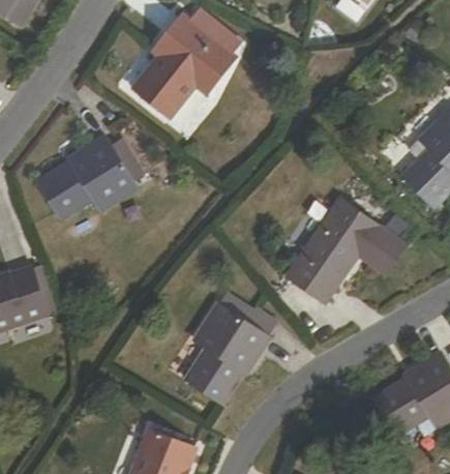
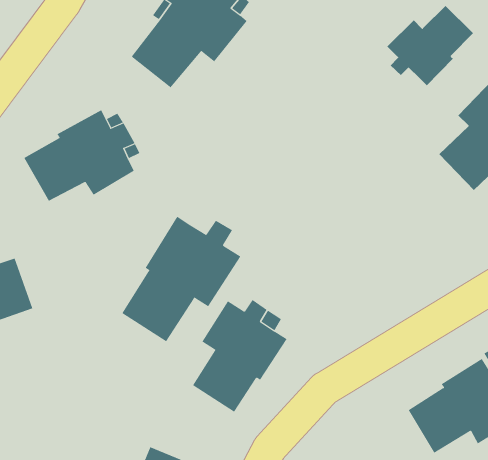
building: none -> [387,5,474,86]
building: [287,199,408,302] -> none
building: none -> [122,216,241,342]

